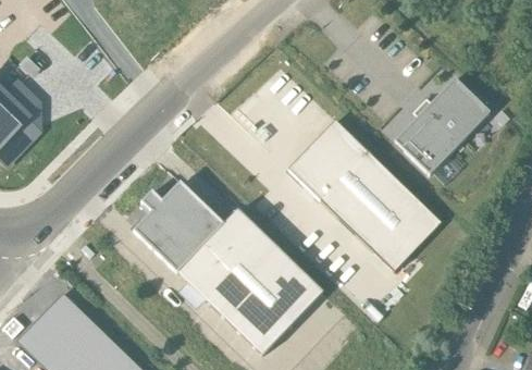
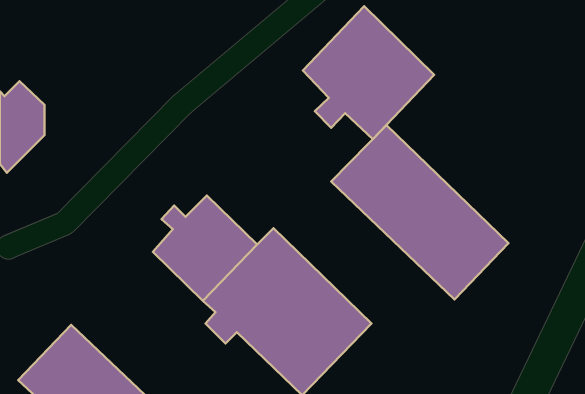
building: none -> [303,6,434,139]
building: [394,77,490,173] -> none

